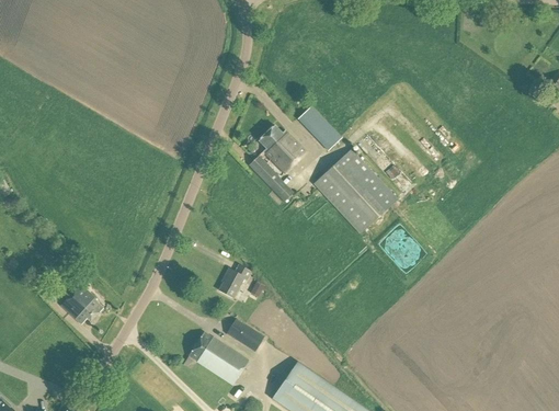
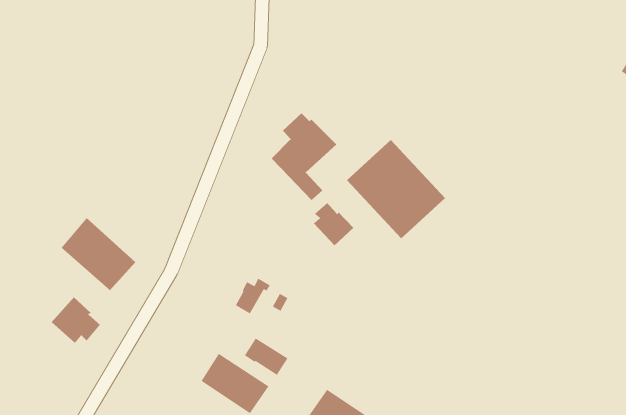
building: [299,102,344,147] -> none
building: none -> [313,202,354,246]
building: none -> [60,217,136,291]

